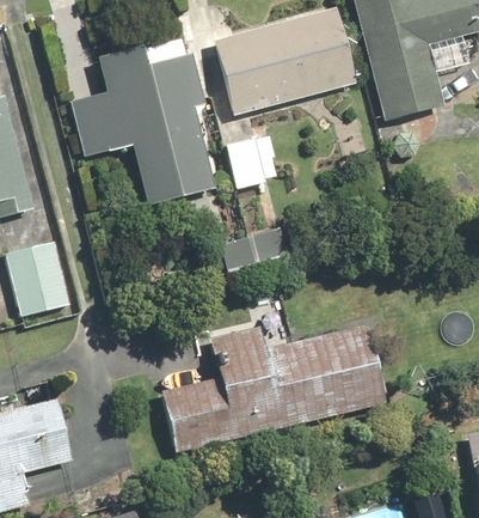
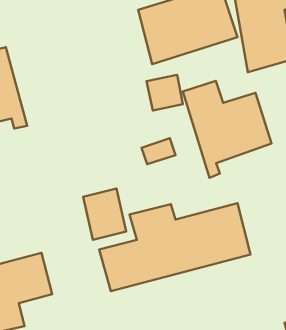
building: [70,35,210,203] -> none
building: none -> [183,81,272,178]
building: [18,238,81,313] -> [83,189,126,240]

